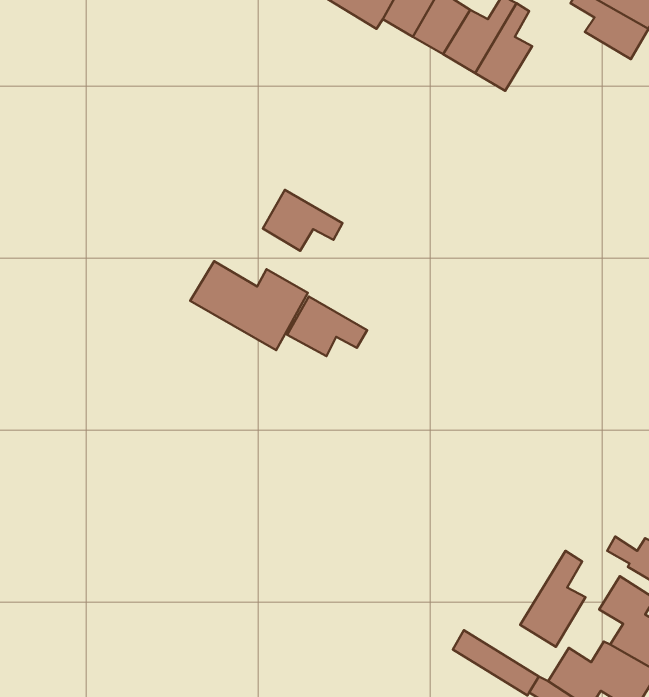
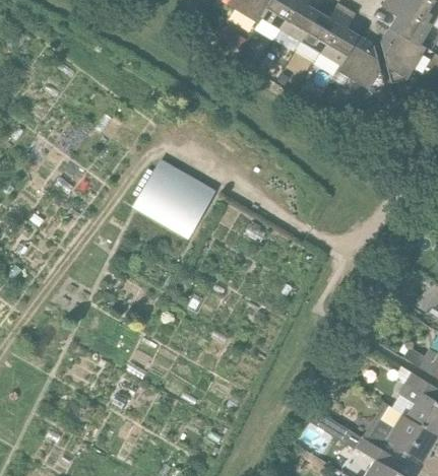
building: none -> [382,26,427,83]
building: none -> [337,36,384,89]
building: [263,190,343,251] -> none
building: [287,297,367,356] -> none
building: [520,551,585,647] -> none

